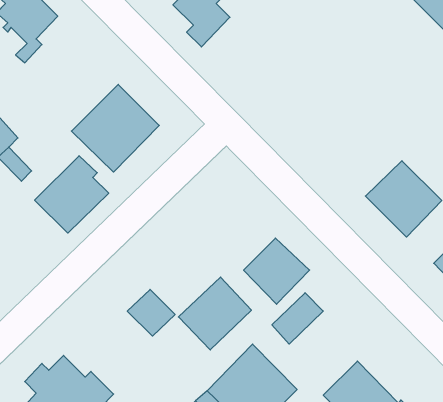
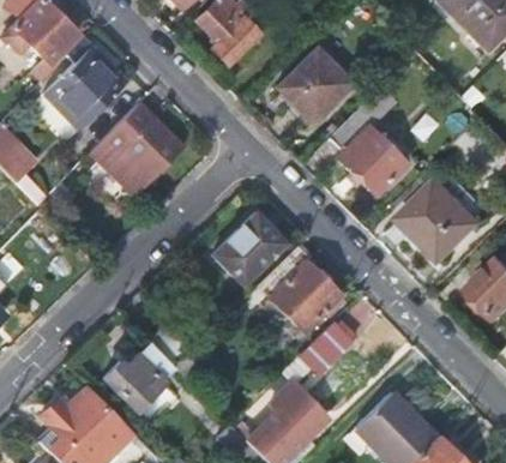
building: none -> [279,46,353,120]
building: none -> [331,77,409,193]
building: [35,156,109,233] -> [44,47,122,128]
building: [178,277,251,350] -> [213,212,290,289]
building: none -> [104,351,167,409]

